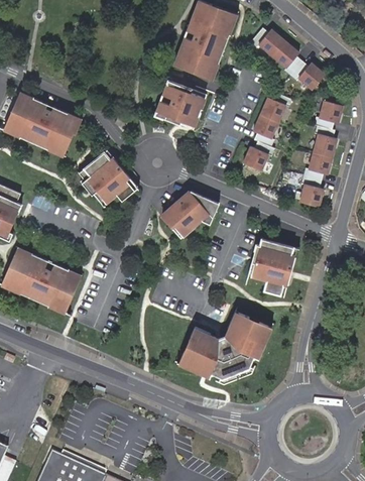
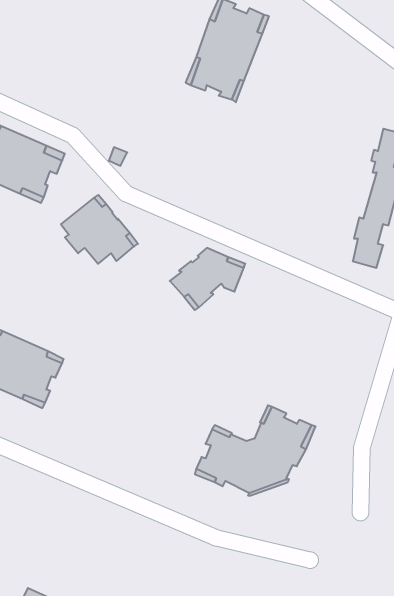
building: [249,27,324,89] -> none
building: [154,81,206,125] -> none
building: [242,92,291,170] -> none
building: [251,238,294,293] -> none

